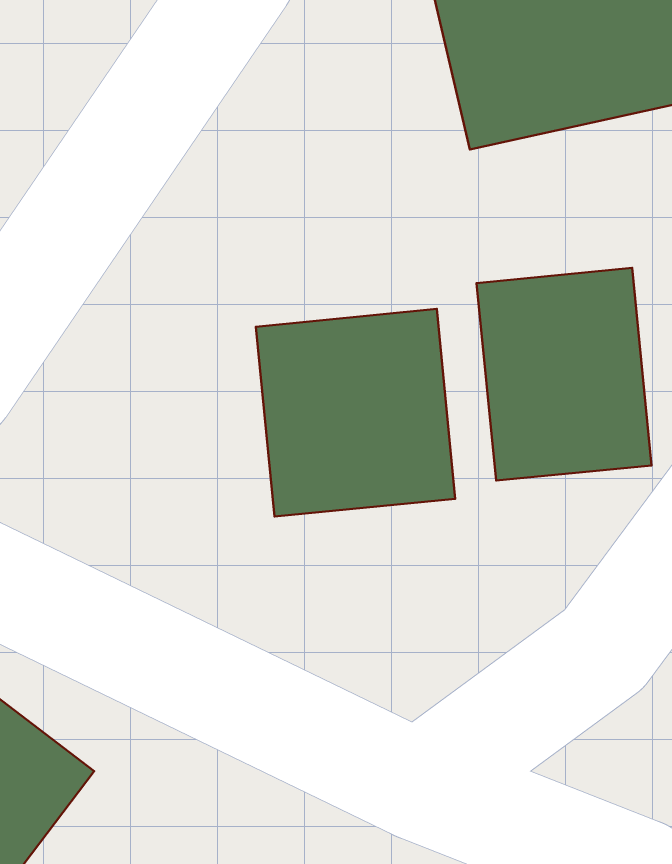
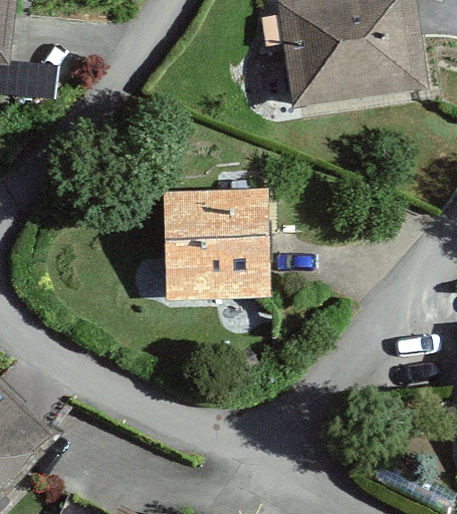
building: [477,268,652,481] -> none

